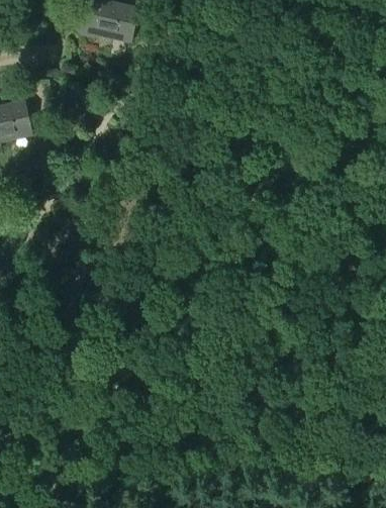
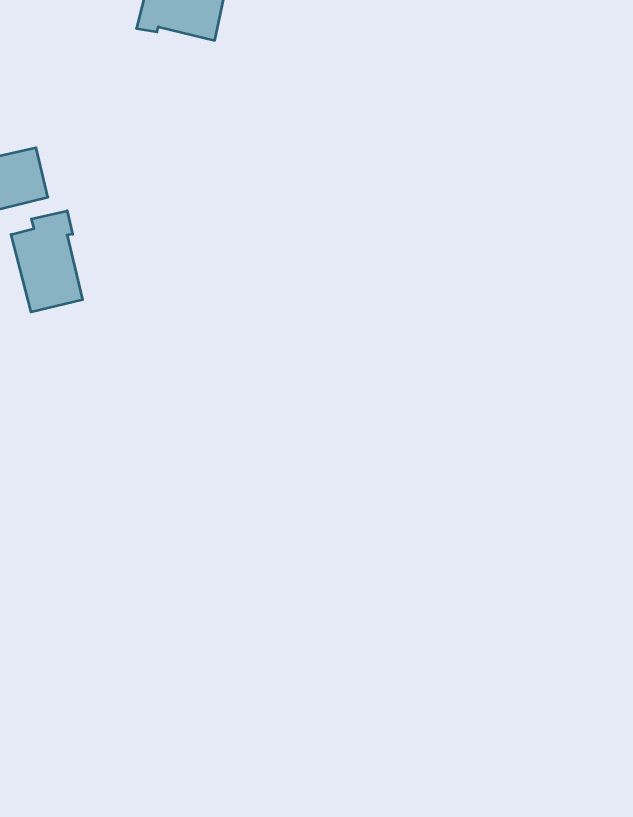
building: none -> [11,211,83,312]

